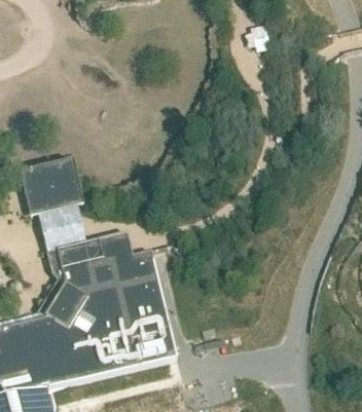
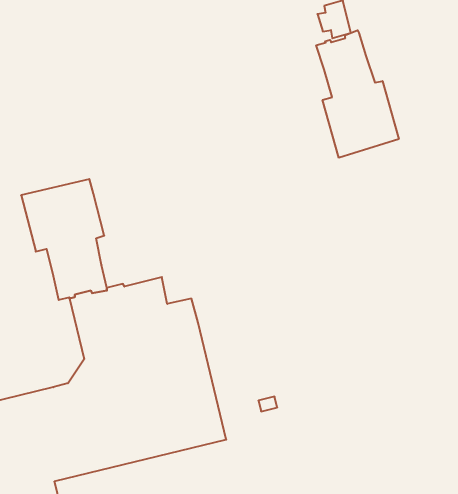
building: none -> [316,30,399,158]

